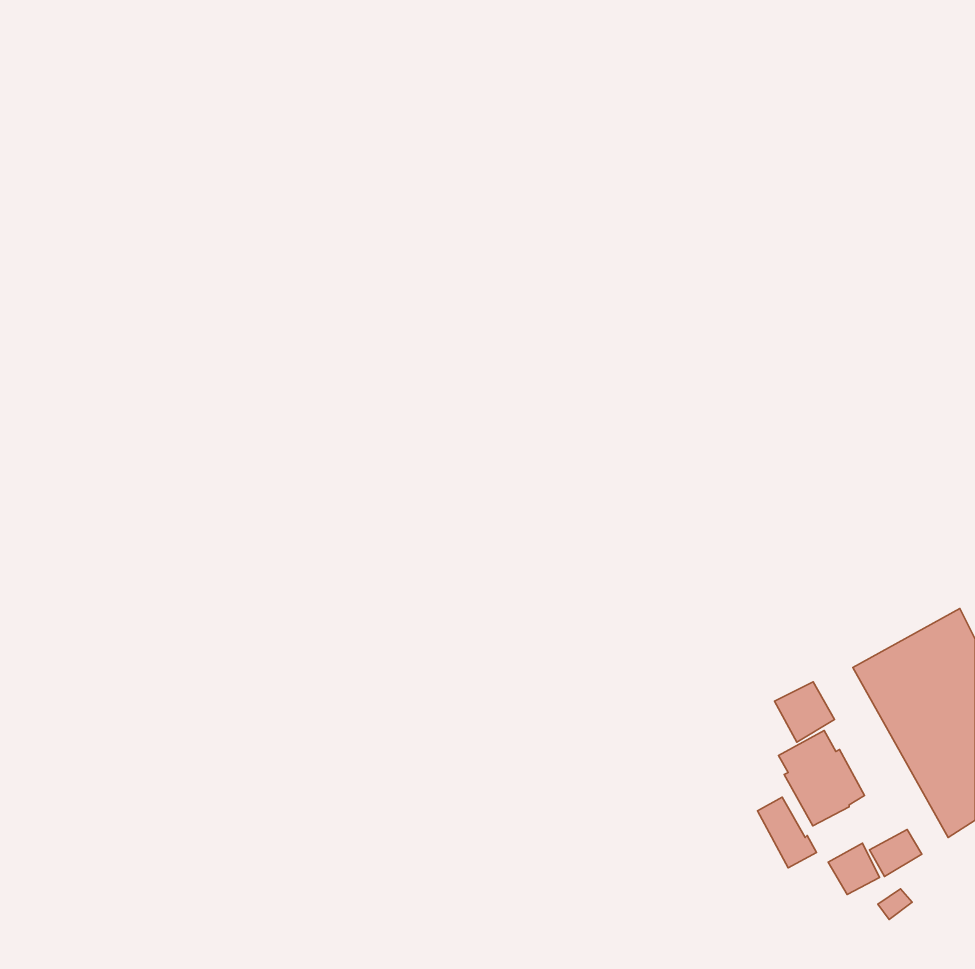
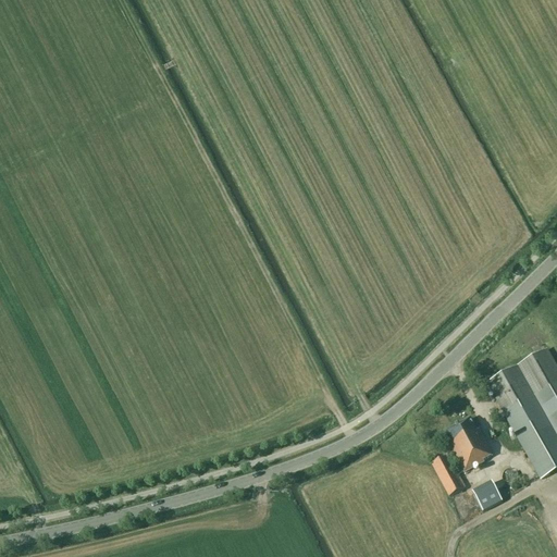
building: [775,682,835,742] -> none
building: [870,830,922,877] -> none

